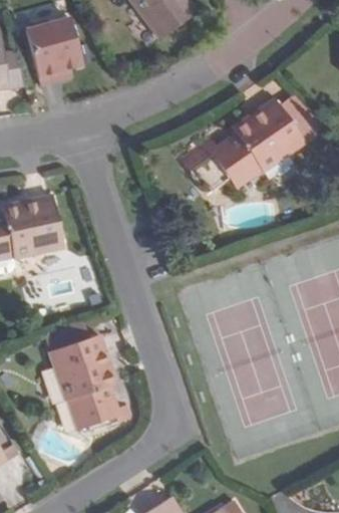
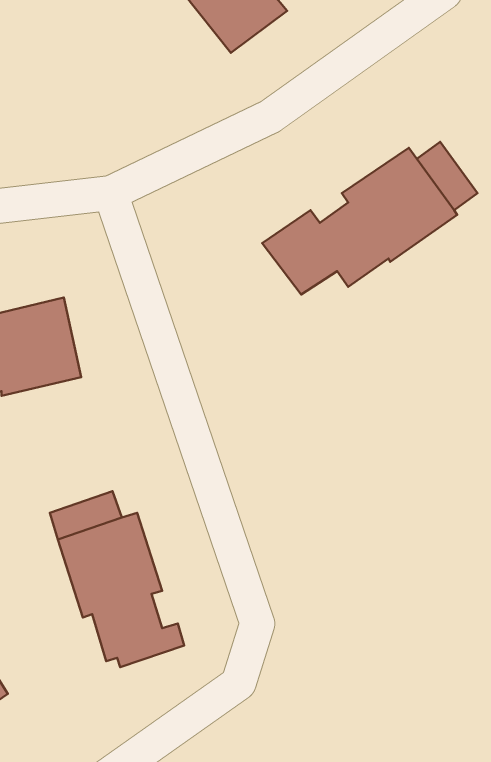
building: [26,18,83,85] -> none

